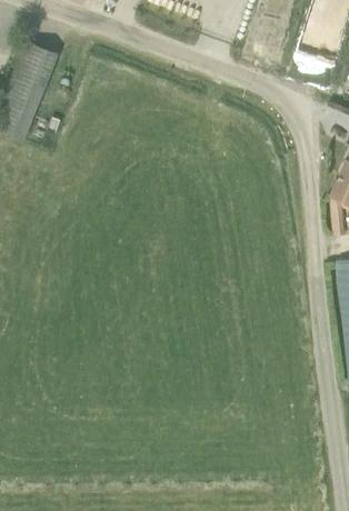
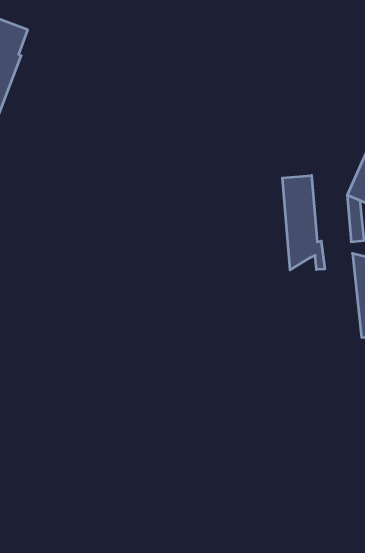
building: none -> [282,175,325,270]

